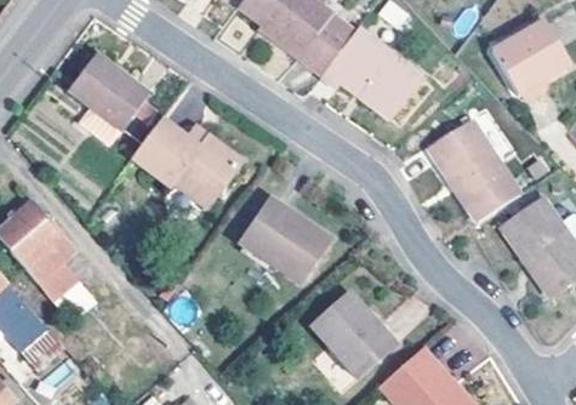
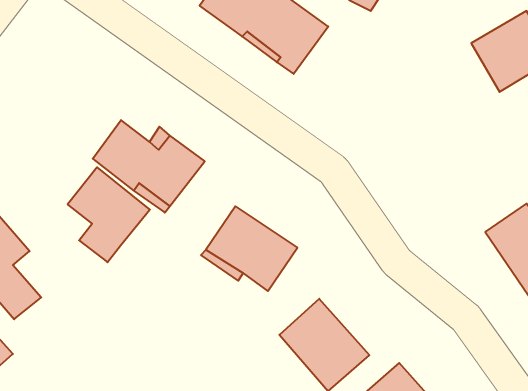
building: [324,33,421,118] -> none
building: [70,56,148,146] -> [68,167,150,262]
building: [430,119,521,222] -> none

